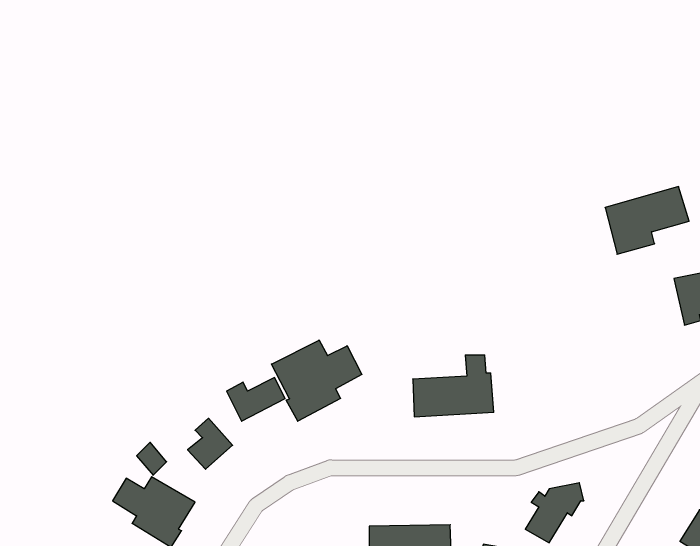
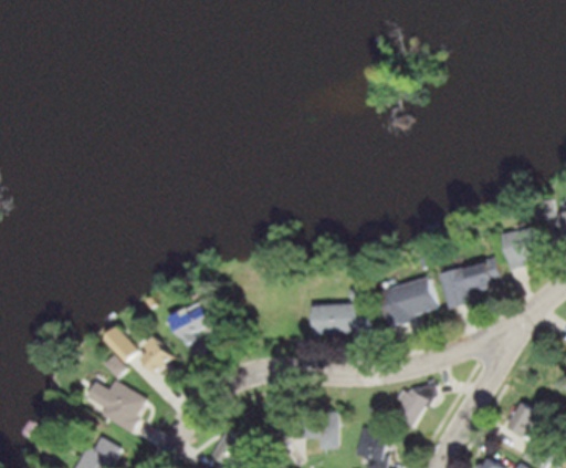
building: [605,187,689,254] -> [438,258,500,308]
building: none -> [380,277,434,326]
building: [271,340,362,421] -> none
building: none -> [104,326,139,363]

